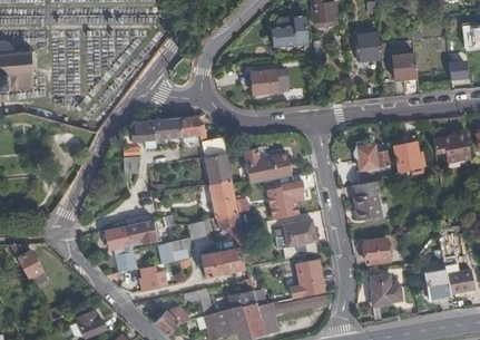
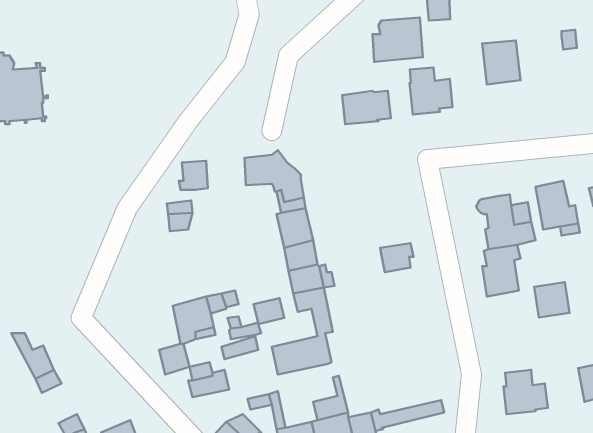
building: none -> [410,67,453,115]
building: [391,51,417,78] -> none
building: [151,117,180,139] -> none
building: [247,146,294,182] -> none
building: [266,188,297,218] -> none
building: [282,218,314,246] -> none
building: [106,225,133,258] -> none
building: [363,237,389,263] -> [534,282,569,317]
building: [293,259,322,284] -> none

